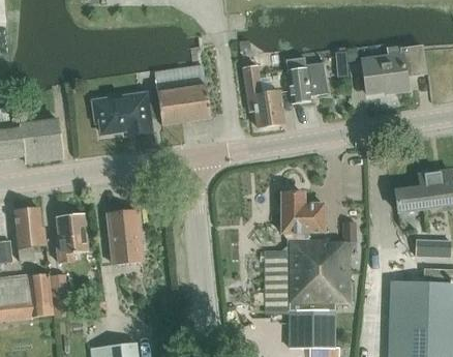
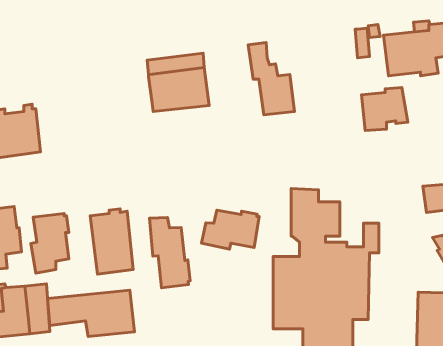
building: [288,64,328,101] -> [362,88,408,130]
building: [93,92,159,130] -> none
building: none -> [202,210,259,249]
building: none -> [149,217,190,288]
building: none -> [47,290,135,336]

